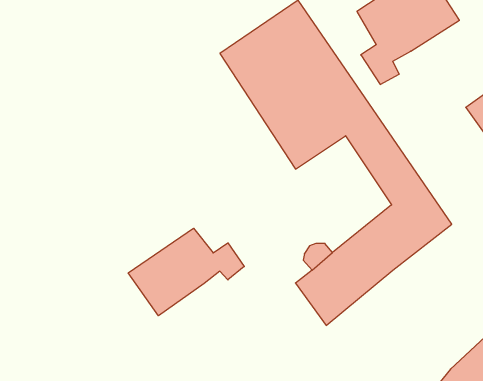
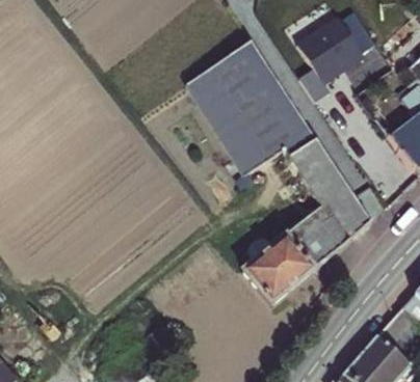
building: [128,228,244,316] -> none

